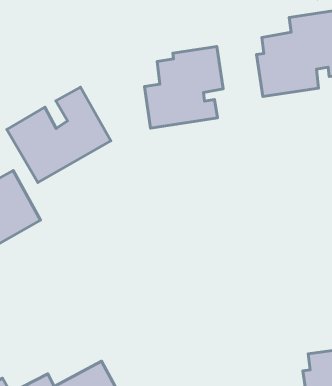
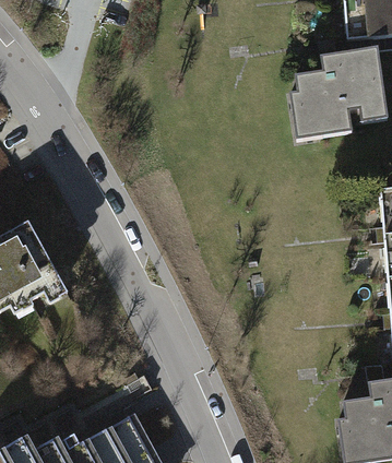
building: [144,46,223,128] -> none
building: [7,87,111,182] -> none

